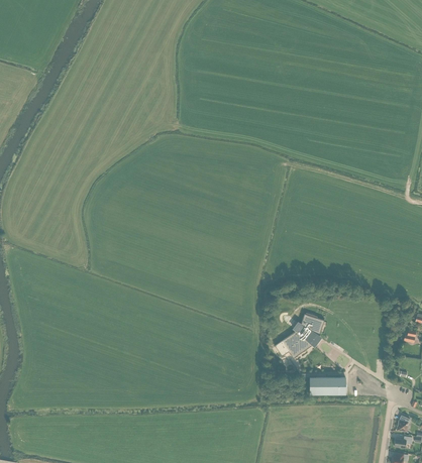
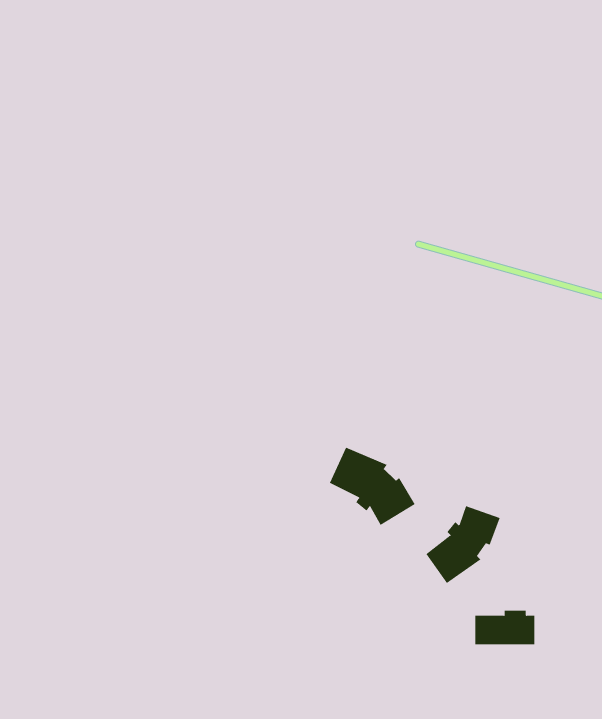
building: none -> [329,447,416,526]

